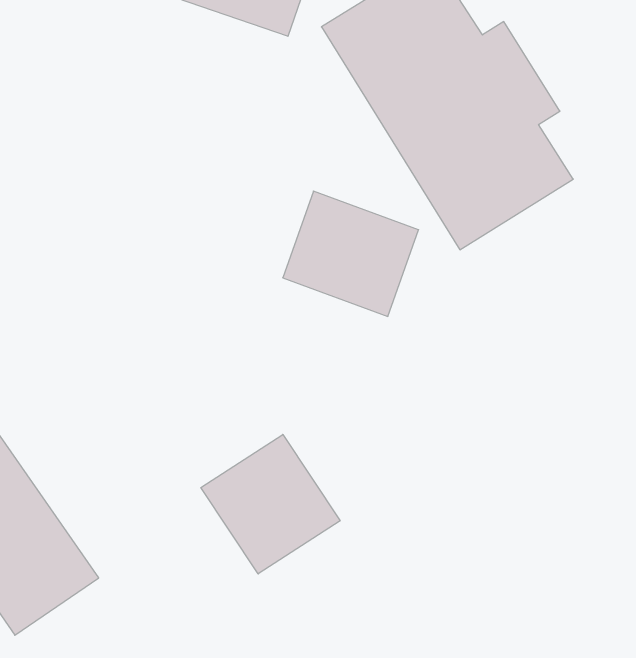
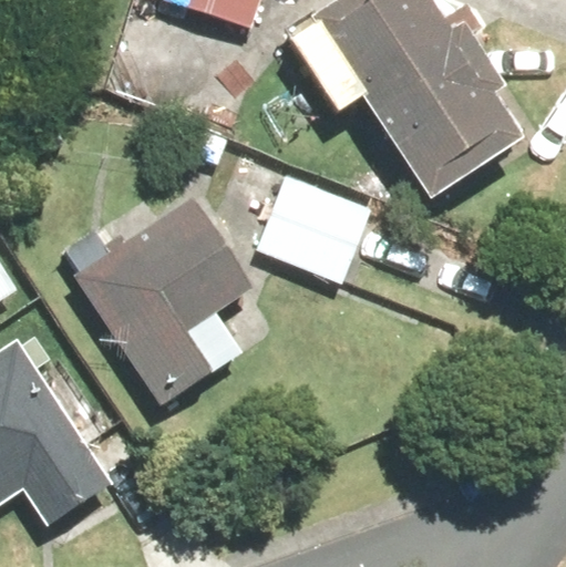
building: none -> [71,199,245,402]
building: [201,434,340,574] -> none

